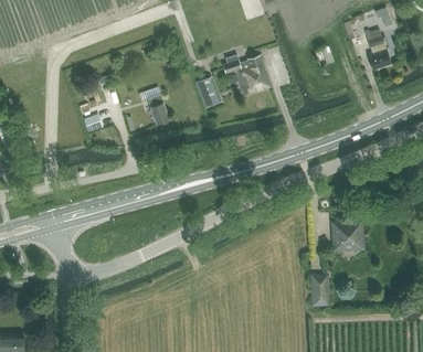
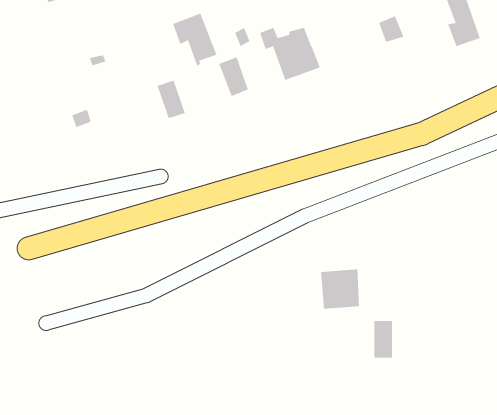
building: none -> [172,12,217,67]
building: [332,220,362,250] -> [320,269,360,310]

